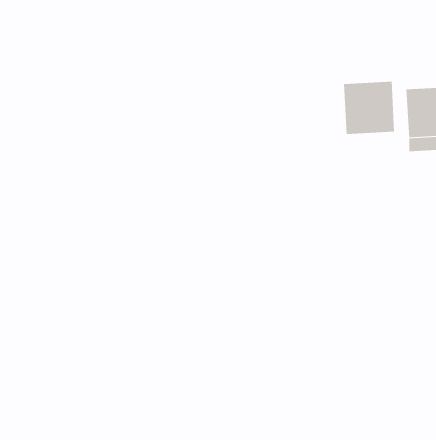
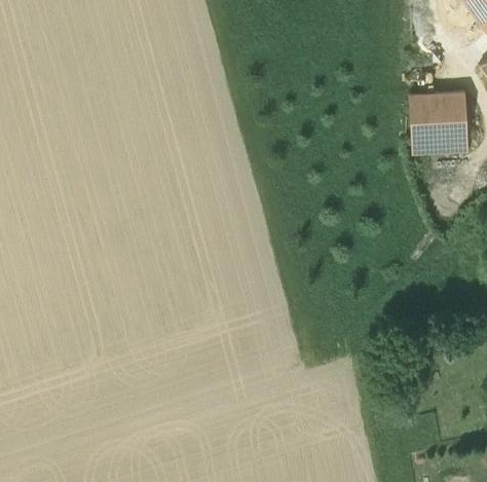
building: [344,81,395,135] -> none

